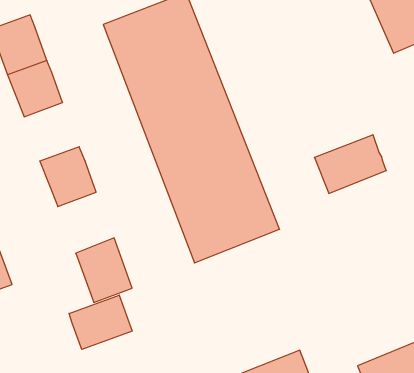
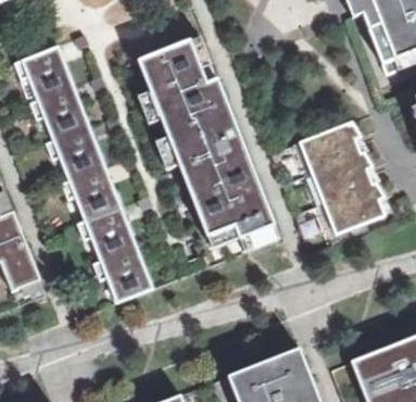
building: none -> [300,122,366,174]
building: none -> [50,124,100,177]
building: none -> [326,186,391,237]
building: none -> [80,205,131,261]
building: [69,295,132,349] -> none

